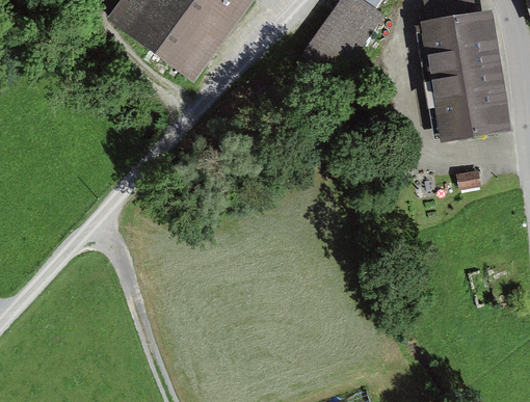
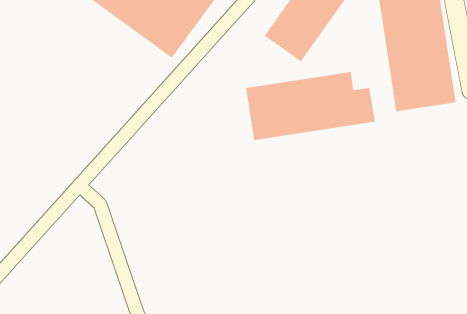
building: none -> [246,71,376,141]

